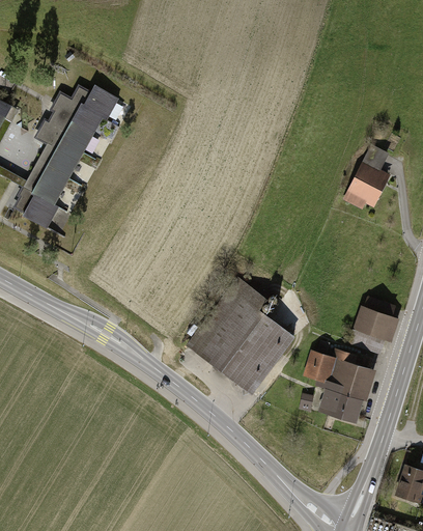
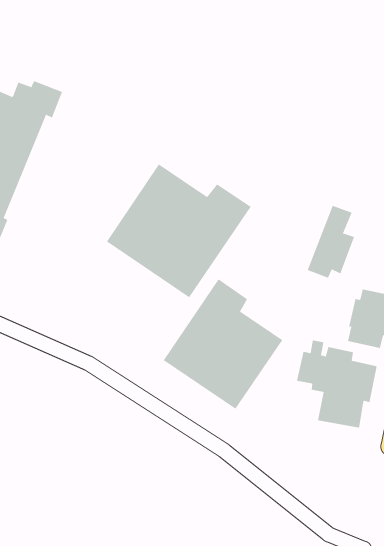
building: [342,144,388,209] -> [307,205,355,279]
building: none -> [106,164,251,298]

